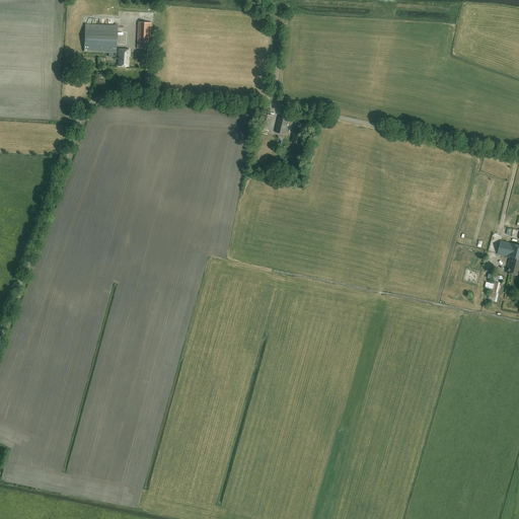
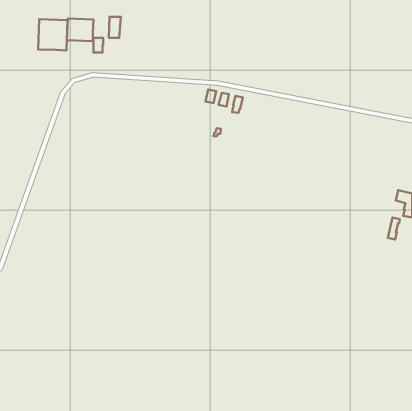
building: none -> [38,19,67,50]

